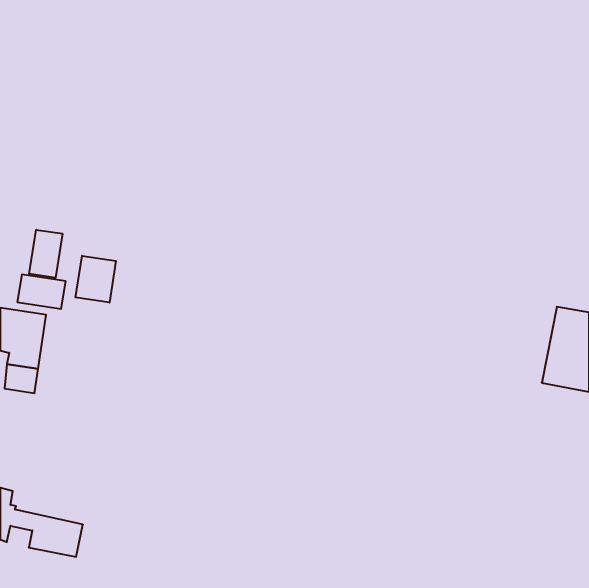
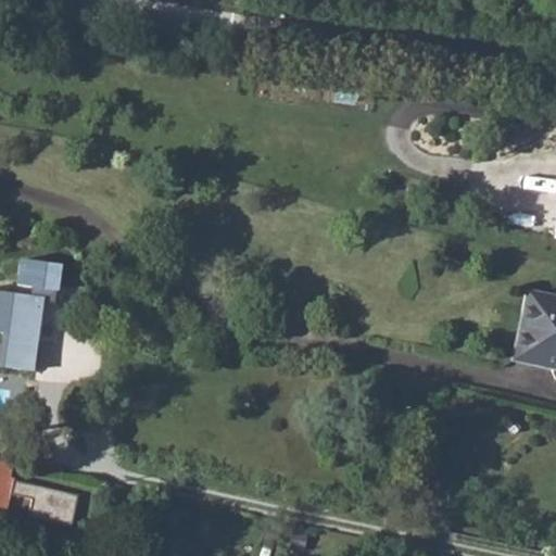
building: [29,230,62,278] -> none
building: [76,256,116,303] -> none

